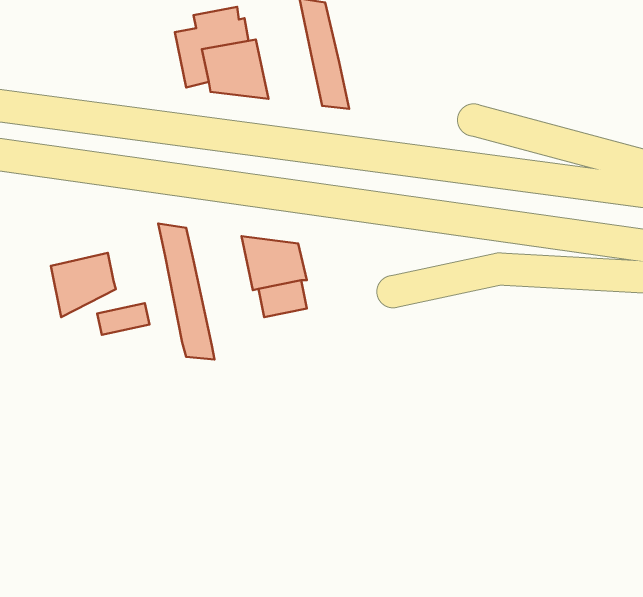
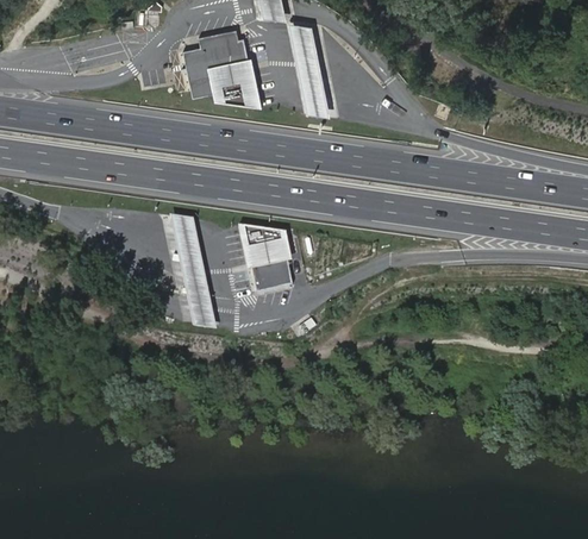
building: [51,253,116,317] -> none
building: [97,303,150,335] -> none

